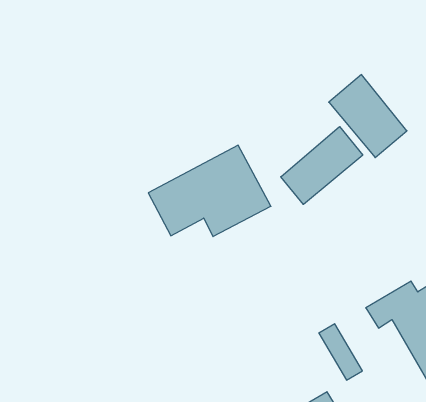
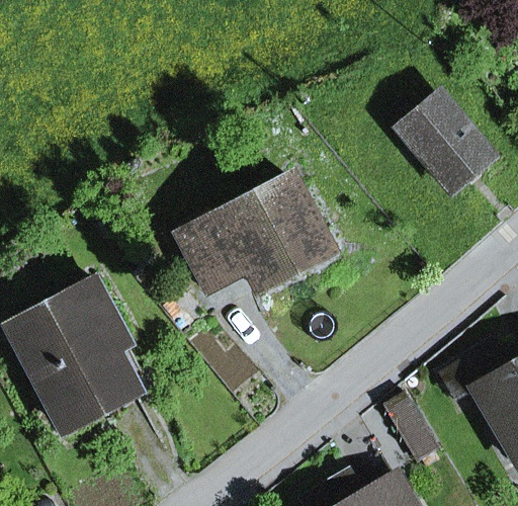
building: [281,127,363,204] -> none
building: none -> [8,281,137,430]

